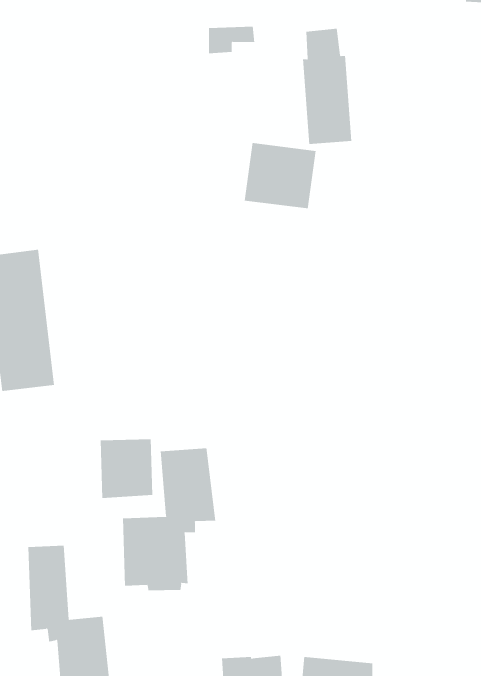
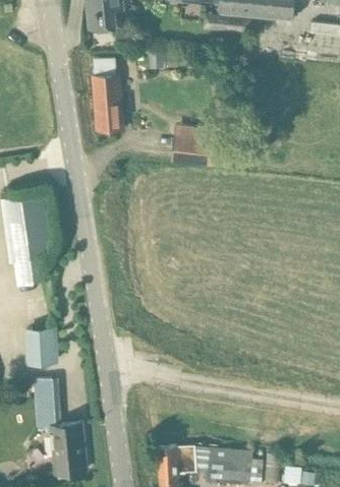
building: [302,28,352,145] -> [92,59,123,132]
building: [100,439,153,499] -> [25,327,59,365]
building: [123,448,216,591] -> none

